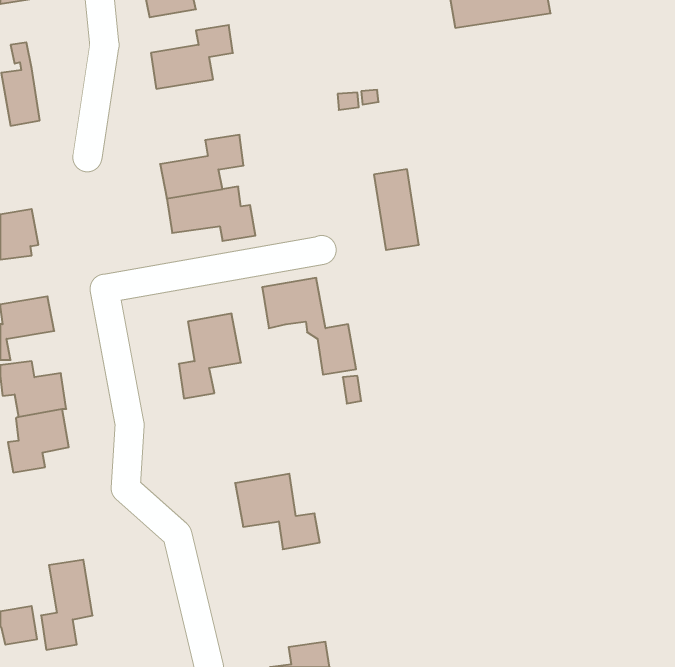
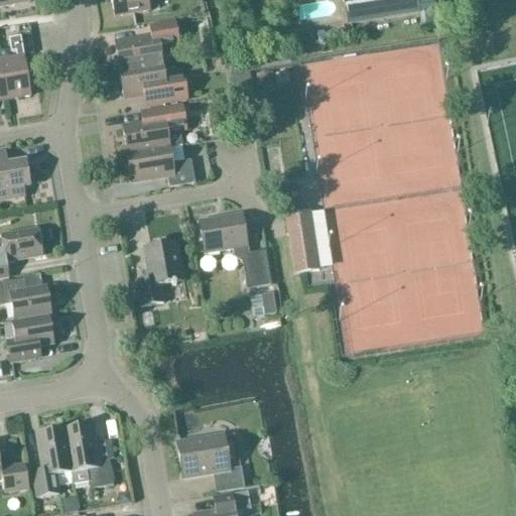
building: none -> [120,60,188,100]
building: [374,169,419,250] -> [286,209,320,270]
building: [235,474,320,549] -> [180,433,245,491]
building: none -> [64,421,114,486]

